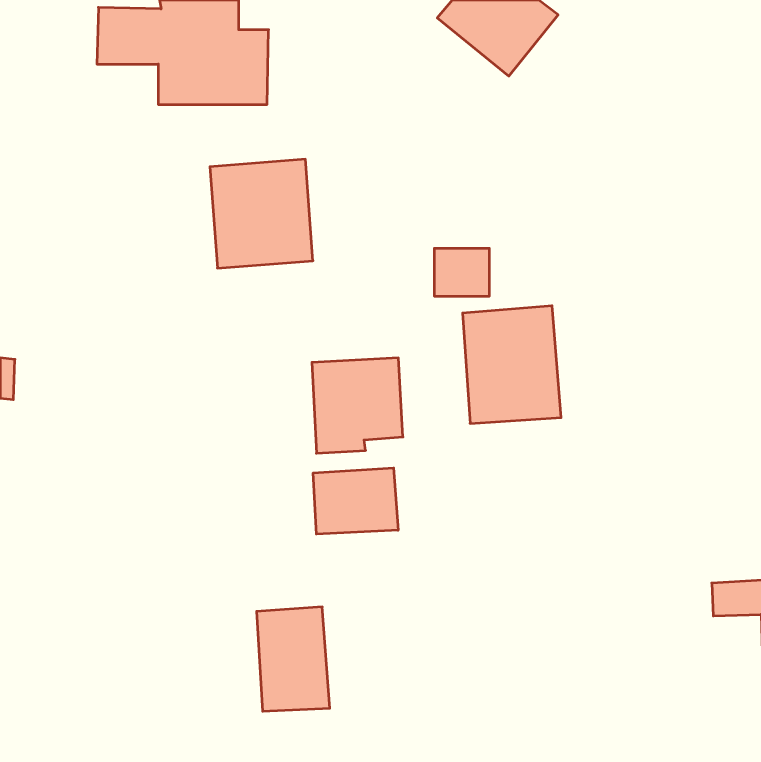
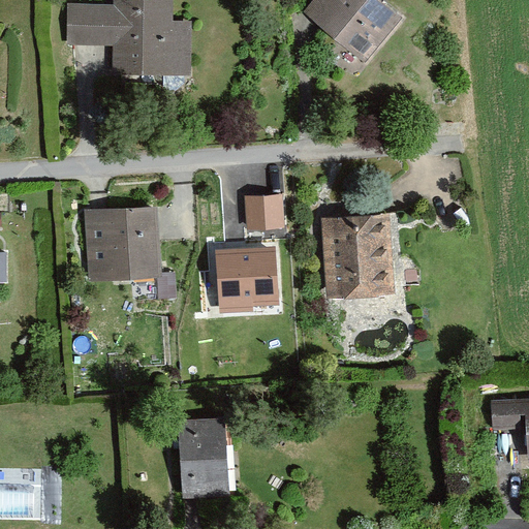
building: [210,159,313,268] -> [85,206,156,281]
building: [434,248,489,296] -> [249,190,287,223]
building: [313,468,398,534] -> none

